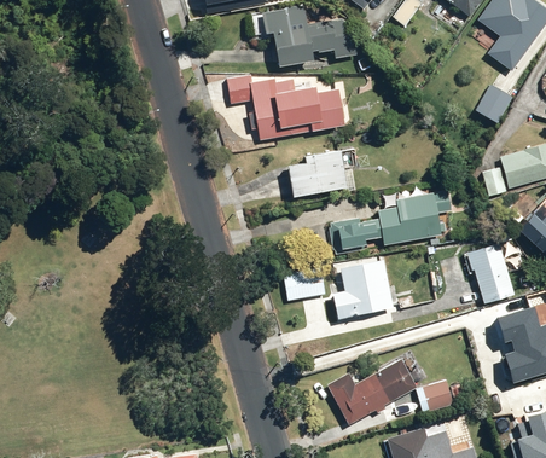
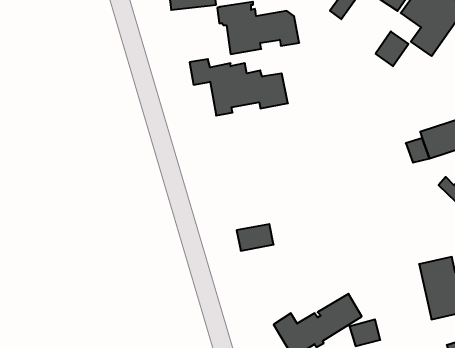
building: [475,85,513,126] -> [376,31,408,66]
building: [283,149,359,198] -> none
building: [333,191,449,249] -> none
building: [465,243,515,303] -> none
building: [329,260,391,320] -> none

